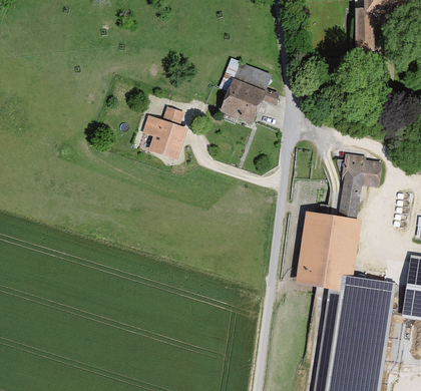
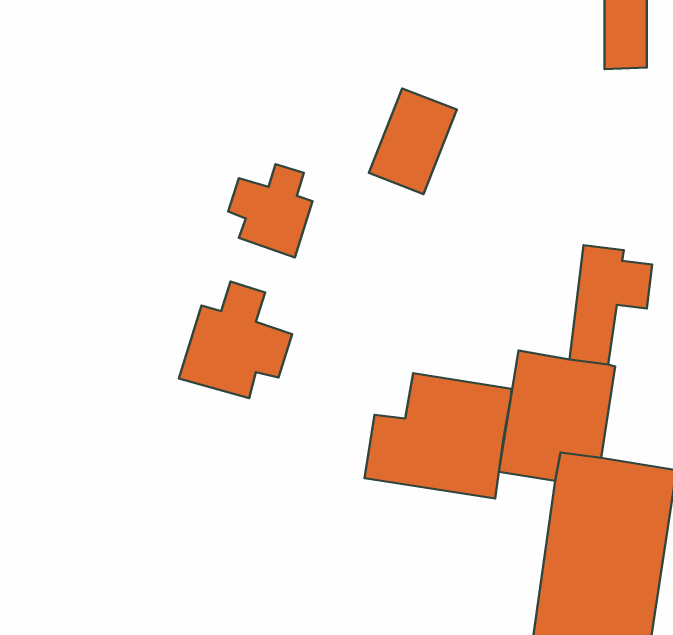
building: none -> [179,282,292,398]
building: none -> [364,373,511,498]

